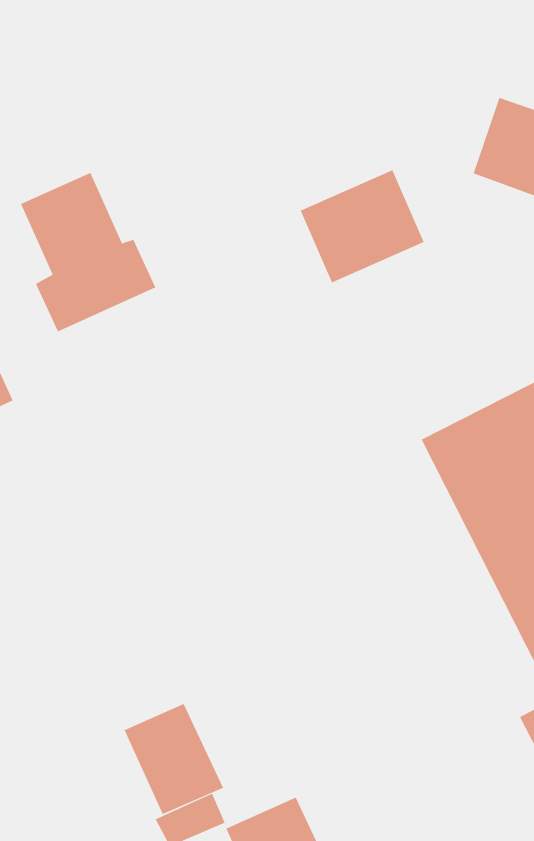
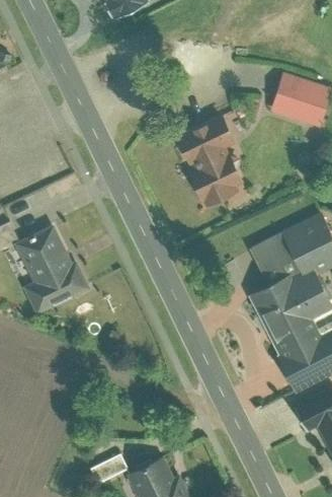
building: [20,172,156,332] -> [18,226,92,313]
building: none -> [186,153,251,208]
building: [124,703,224,815] -> none

